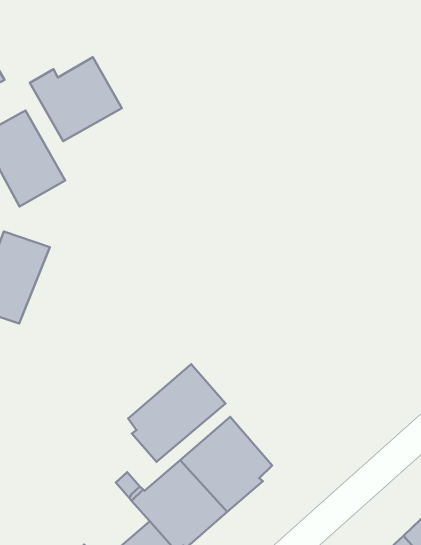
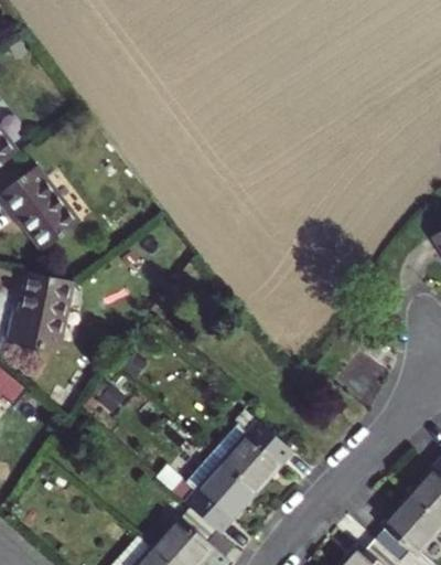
building: [30,57,122,141] -> none
building: [128,364,226,462] -> none

